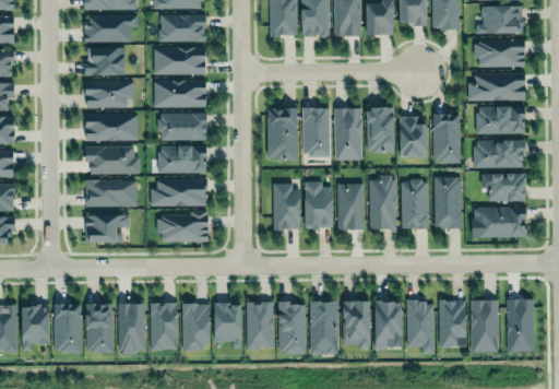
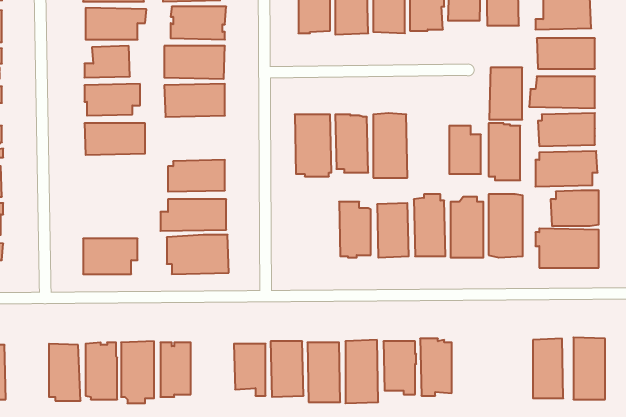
building: [366,108,394,153] -> [489,68,522,120]
building: [158,115,206,141] -> none
building: [86,146,140,174] -> none
building: [85,181,136,208] -> none
building: [273,184,300,232] -> none
building: [407,300,435,353] -> none
building: [438,300,466,346] -> none
building: [182,305,210,351] -> none
building: [22,306,50,351] -> none

